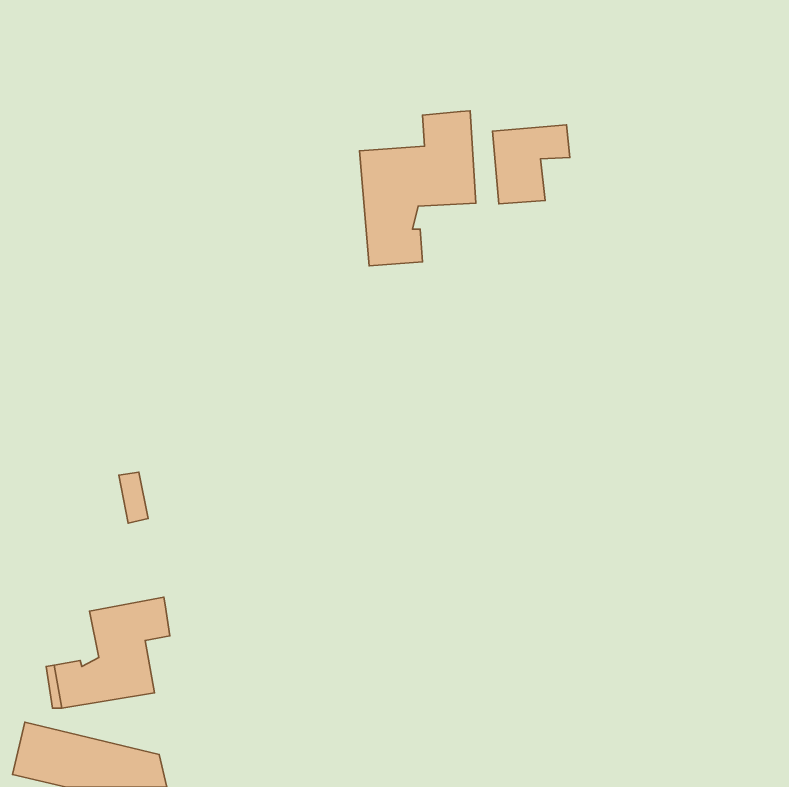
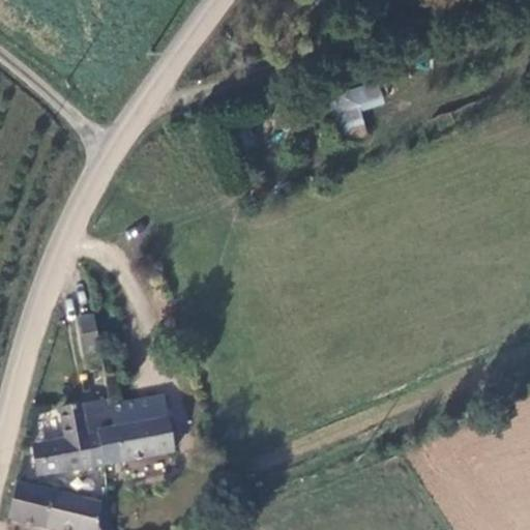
building: [359,111,476,266] -> none
building: none -> [97,396,174,465]

